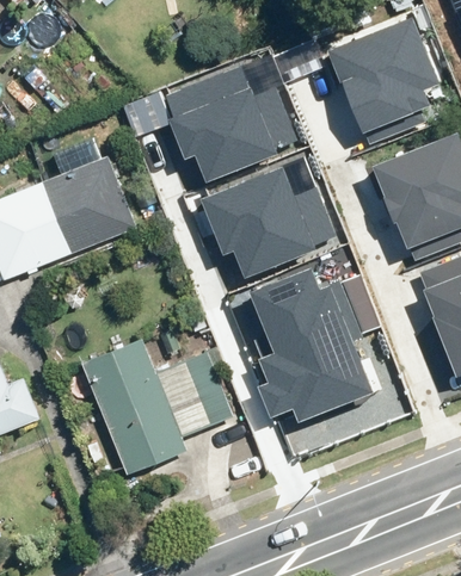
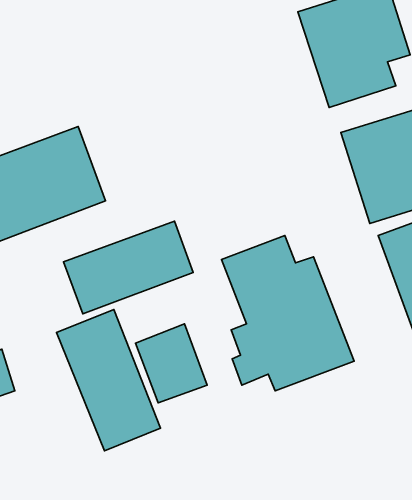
building: [160,62,299,175] -> none
building: [202,155,342,268] -> none
building: none -> [63,221,193,314]

